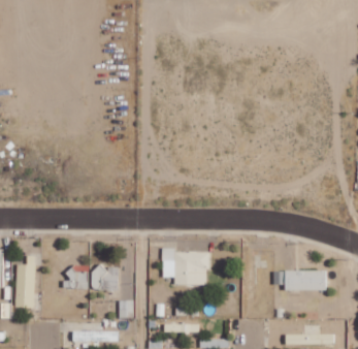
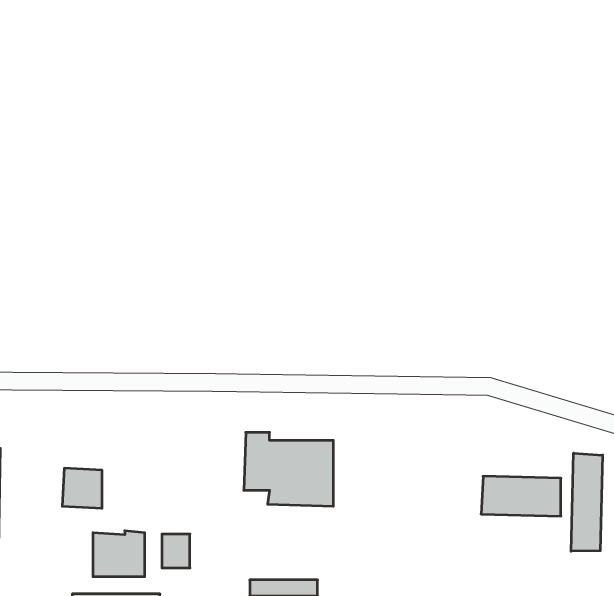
building: none -> [571,453,603,551]
building: [91,266,118,290] -> [93,531,145,577]

